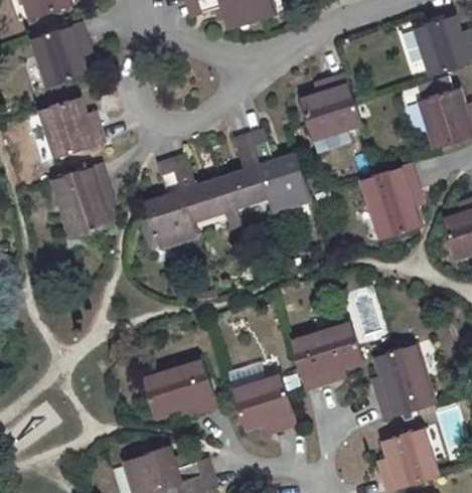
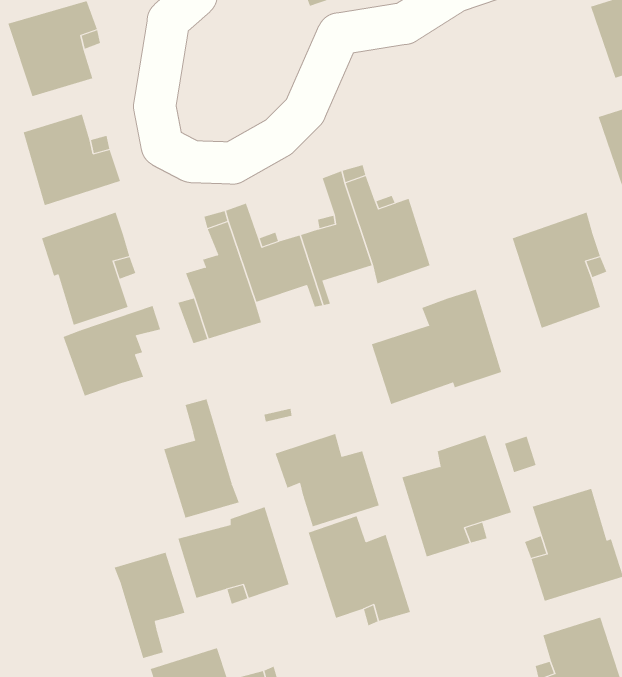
building: [301,76,360,141] -> none
building: none -> [371,289,502,405]
building: none -> [63,305,161,397]
building: none -> [163,398,239,518]
building: none -> [275,433,380,527]
building: none -> [114,552,185,659]

